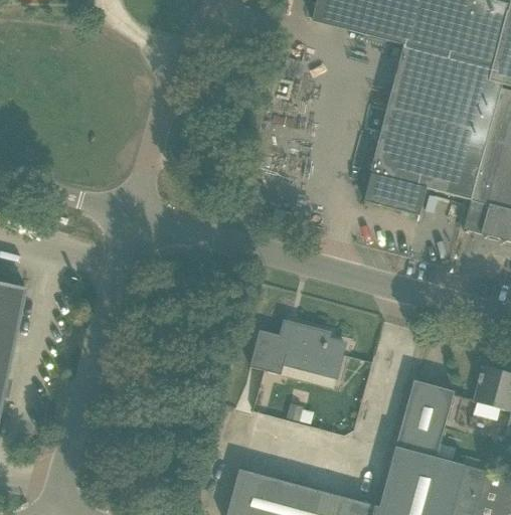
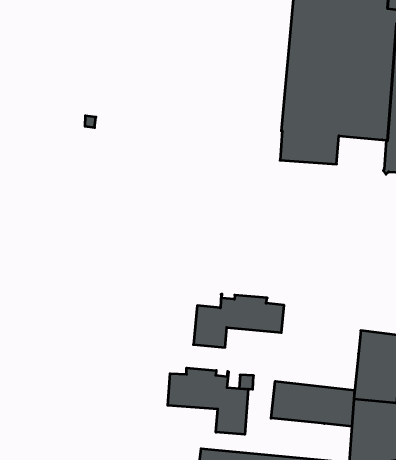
building: none -> [168,368,248,434]
building: none -> [271,381,354,427]

